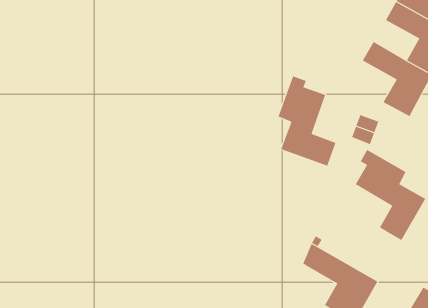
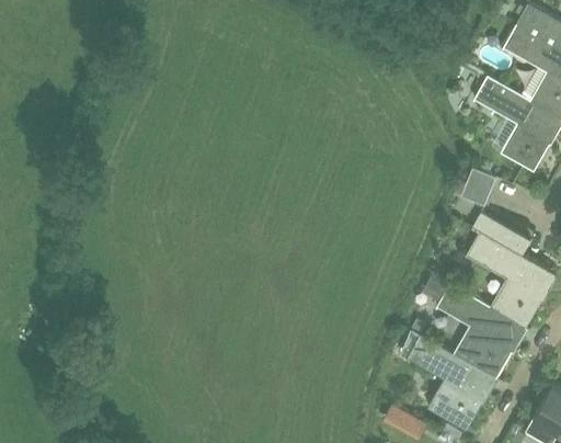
building: [278,76,336,166] -> none
building: none -> [438,283,525,378]

